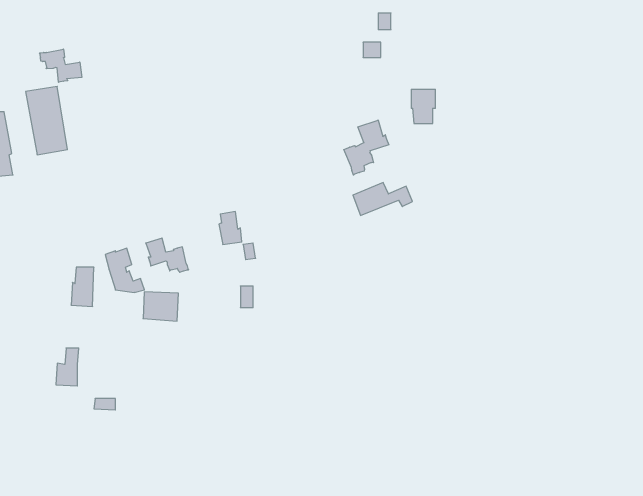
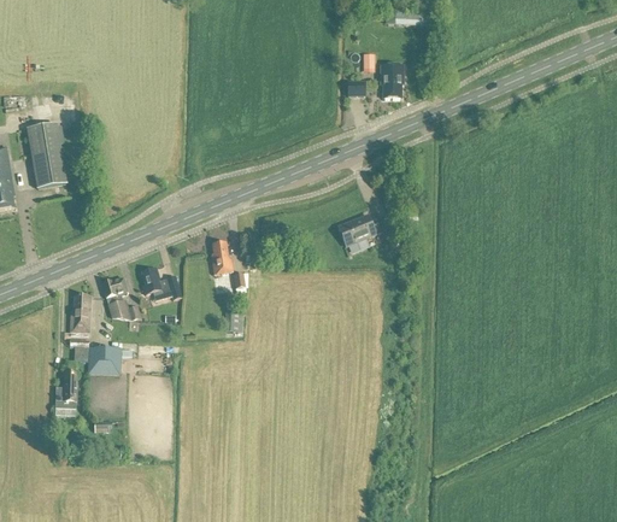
building: [40,49,82,82] -> none
building: [411,89,435,123] -> [381,65,404,98]
building: [344,120,389,175] -> none
building: [143,292,178,321] -> [88,347,122,375]

